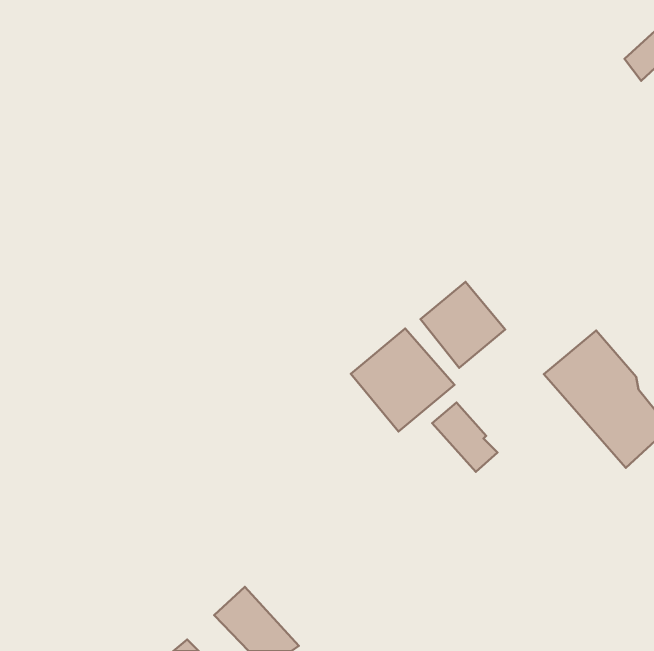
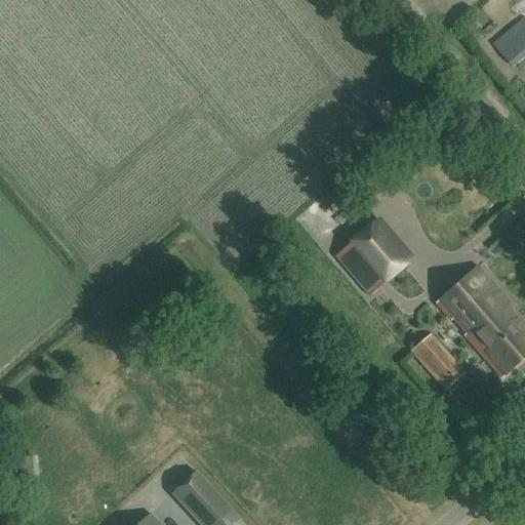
building: [351,328,455,431] -> none
building: [432,403,498,472] -> [411,333,463,389]

